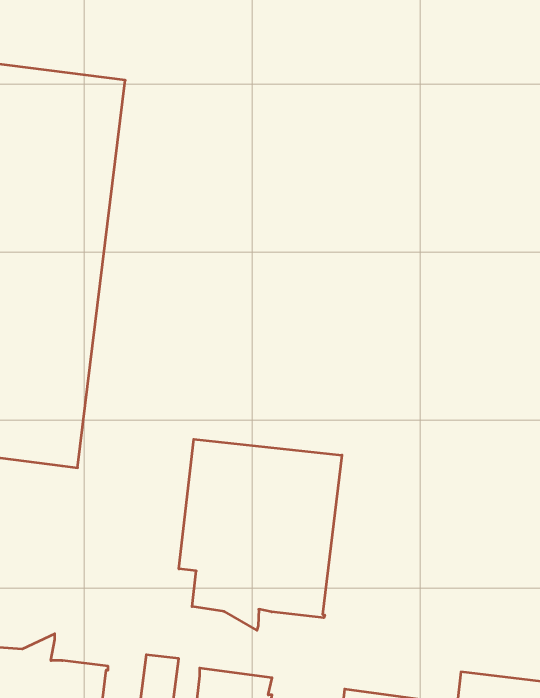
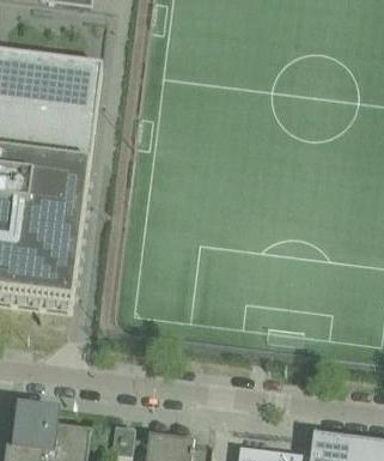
building: [179,439,342,630] -> none

